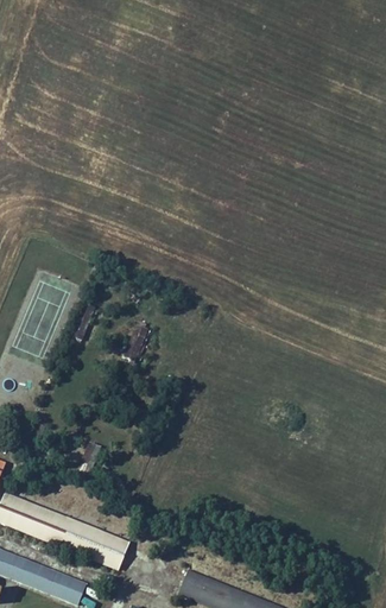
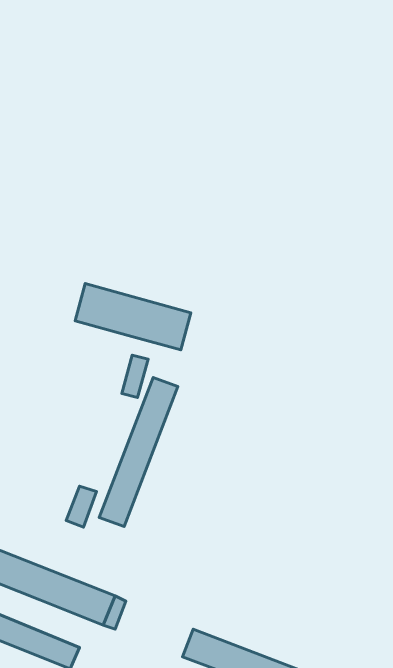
building: none -> [75,284,191,350]
building: none -> [99,377,178,526]

